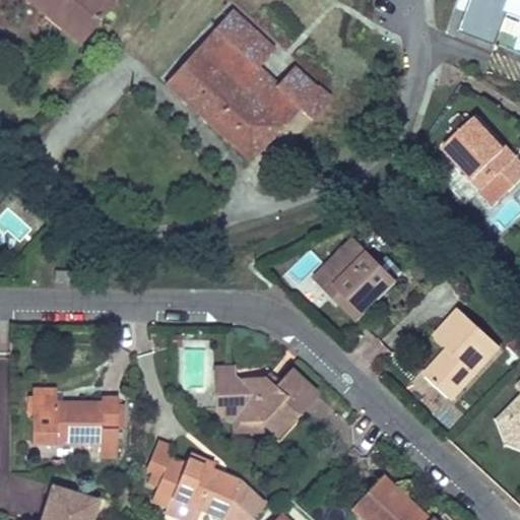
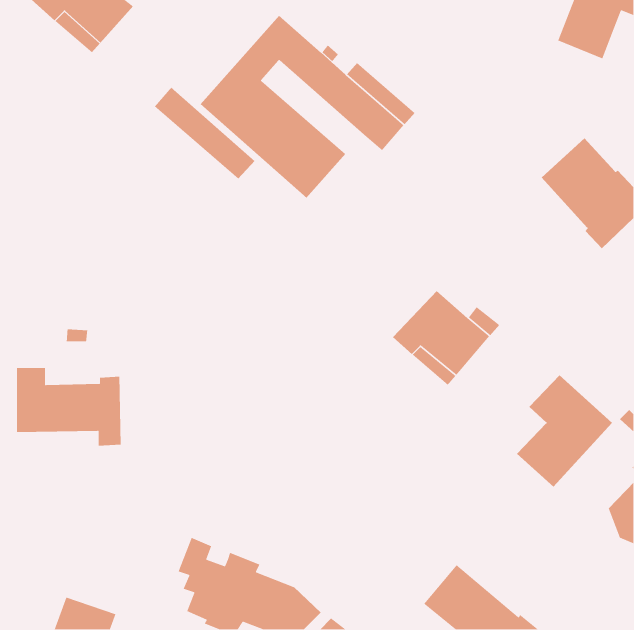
building: [214,50,298,126] -> [154,87,255,180]
building: [215,366,318,435] -> none
building: [31,391,118,456] -> [16,367,122,446]

